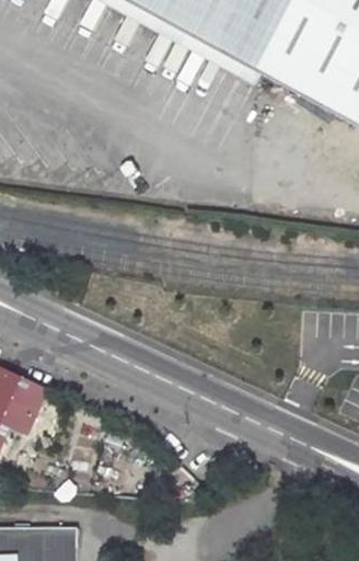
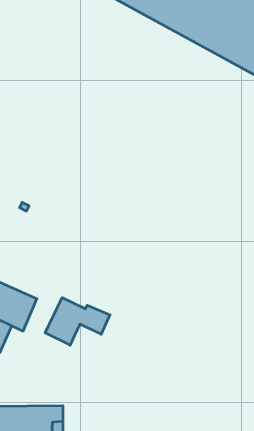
building: none -> [45,298,110,345]

